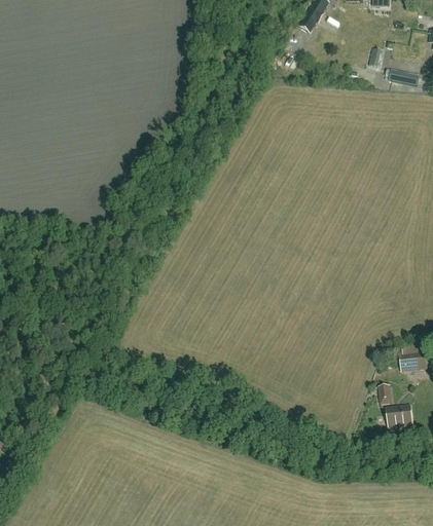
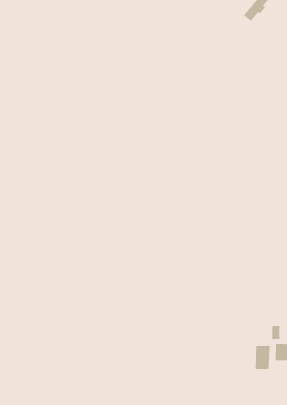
building: none -> [255,345,270,370]

